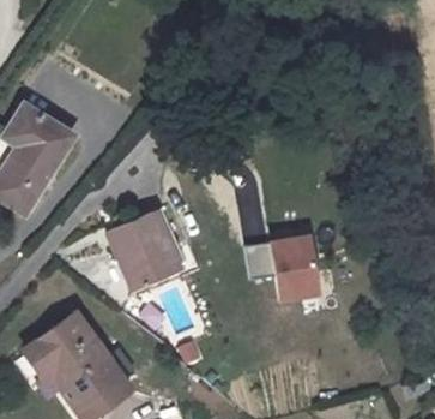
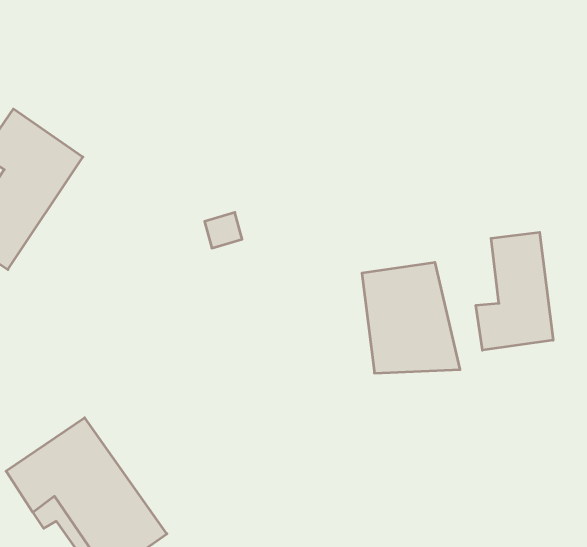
building: none -> [476,232,553,350]
building: [105,214,179,294] -> none

